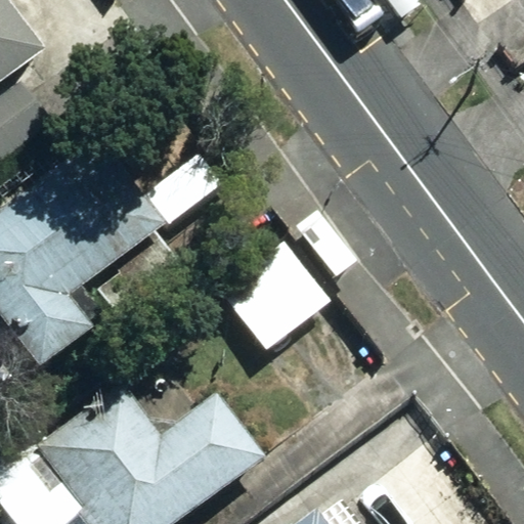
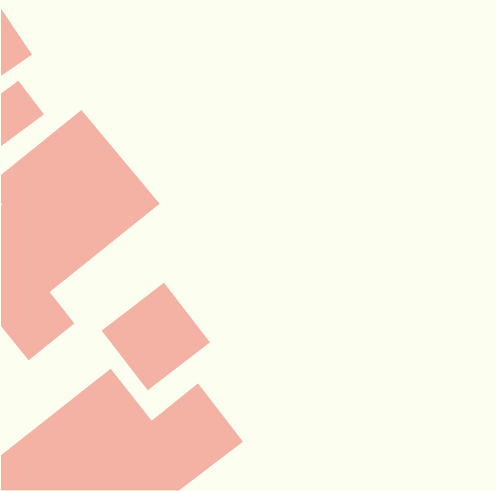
building: [215,237,331,352] -> [101,282,211,391]

